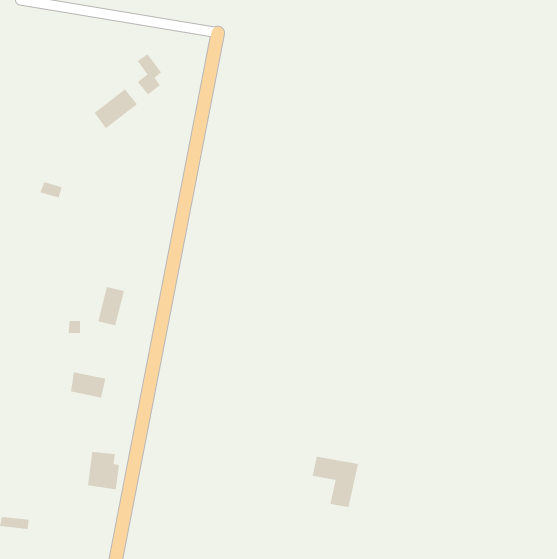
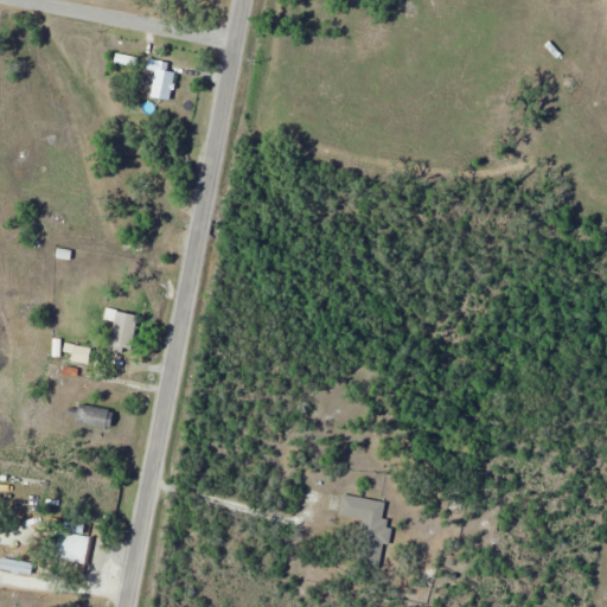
building: [94,88,138,129] -> none
building: [87,452,120,490] -> [52,522,88,563]

